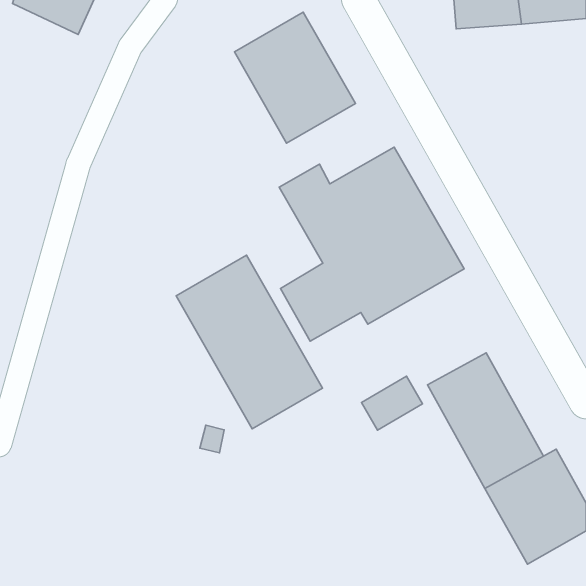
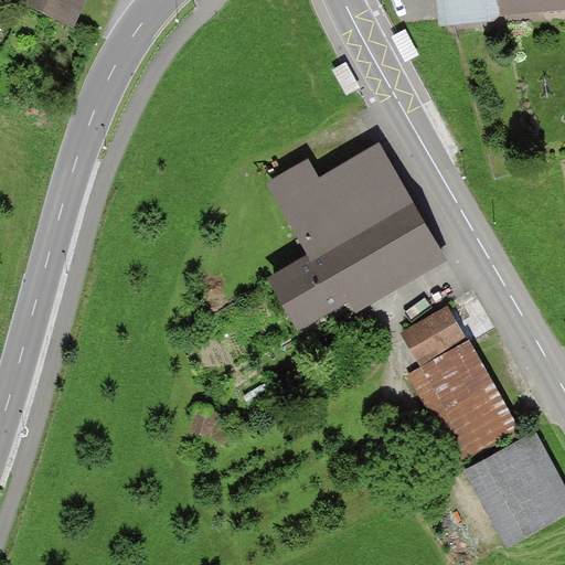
building: [234,12,355,143] -> none
building: [176,255,322,429] -> none
building: [362,376,422,430] -> [403,307,461,359]

